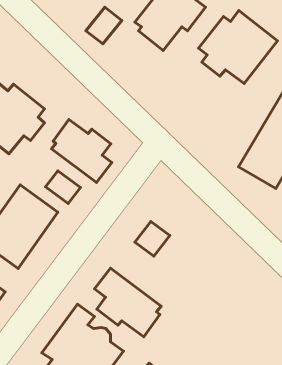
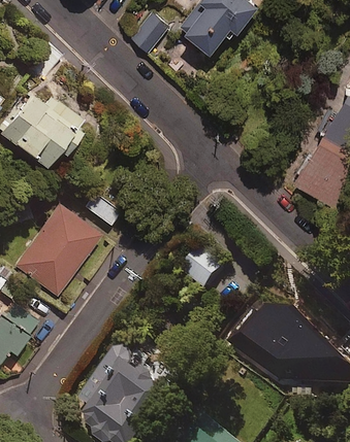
building: [199,10,277,84] -> none
building: [52,119,112,183] -> none
building: [95,268,161,337] -> none

